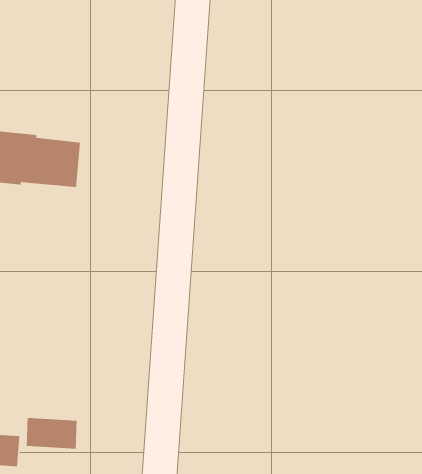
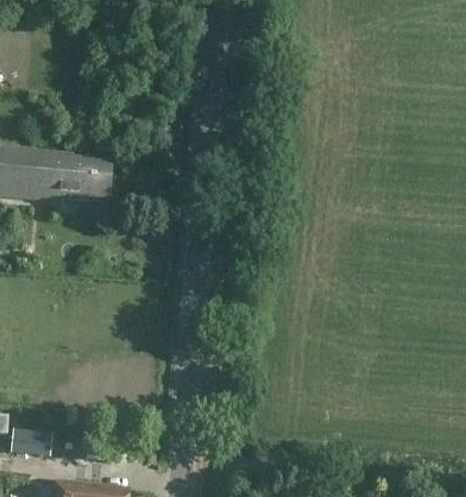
building: [26,417,77,450] -> none

